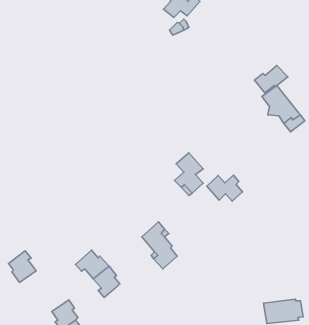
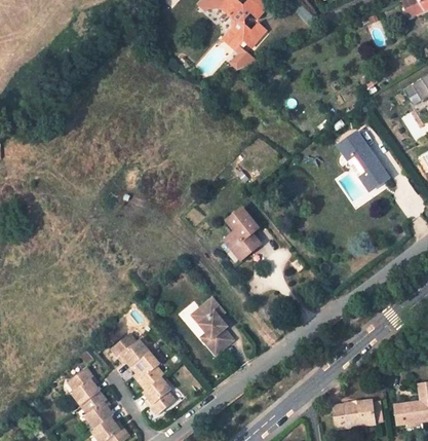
building: [255,66,288,93] -> none
building: [207,175,243,201] -> none
building: [8,251,36,283] -> [66,370,100,409]
building: none -> [141,377,176,417]

